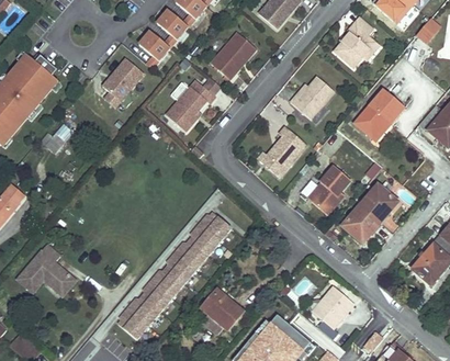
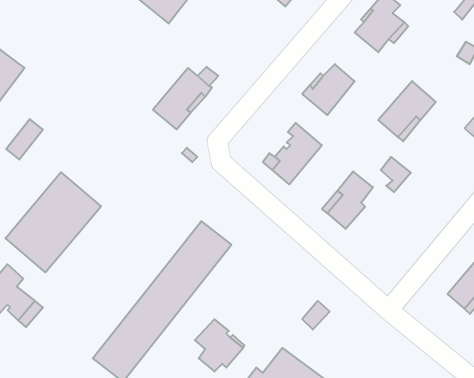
building: [138,30,171,69] -> none
building: [211,32,256,79] -> none
building: [95,57,145,108] -> none
building: none -> [5,172,101,272]
building: [341,183,398,244] -> none
building: [313,285,355,329] -> none

